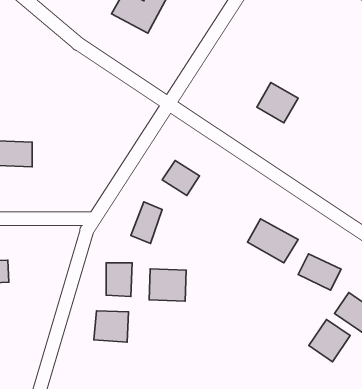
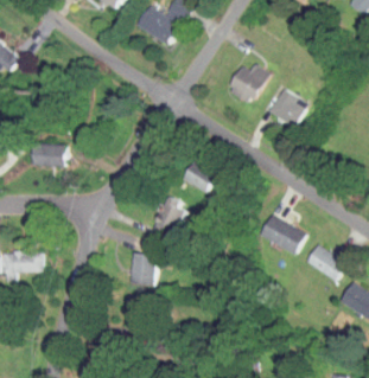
building: none -> [228,65,267,104]
building: [149,269,186,301] -> none
building: [94,311,128,342] -> none
building: [309,320,350,362] -> none

